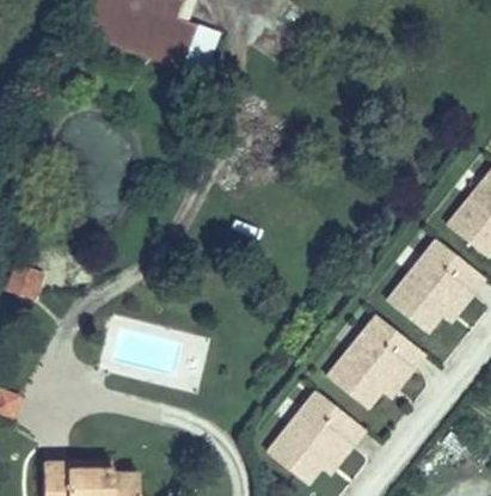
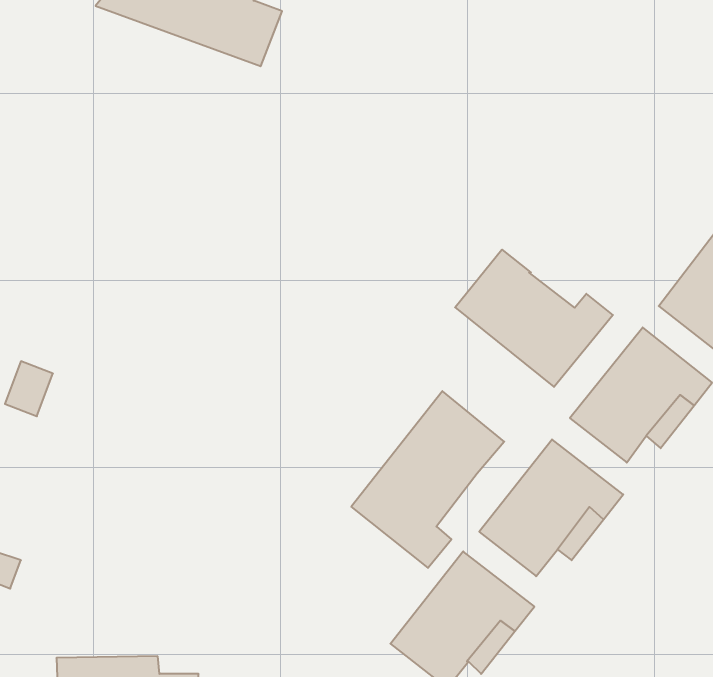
building: none -> [455,250,613,387]
building: none -> [351,391,504,568]

